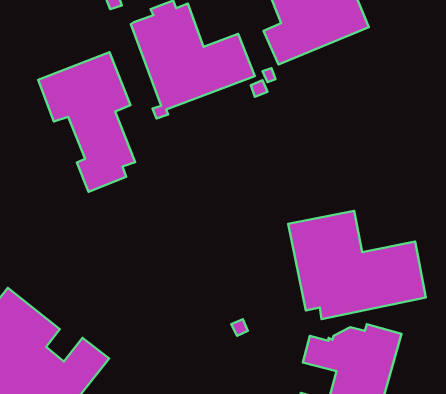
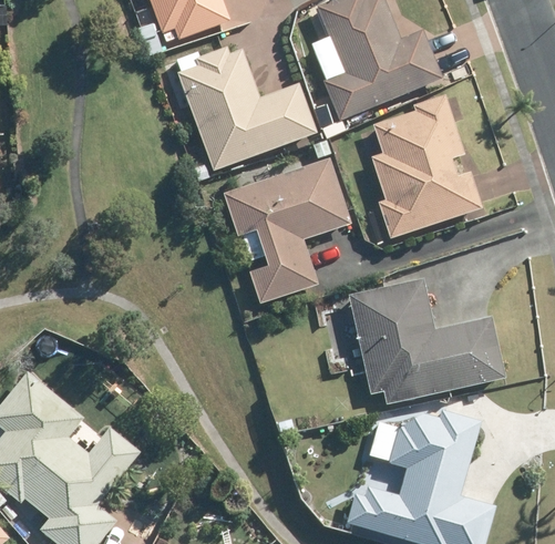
building: none -> [369,93,479,237]
building: [38,52,135,192] -> none
building: none -> [218,157,347,304]

